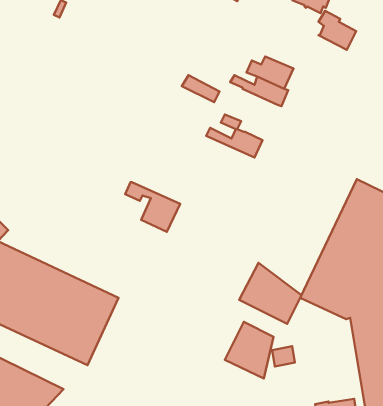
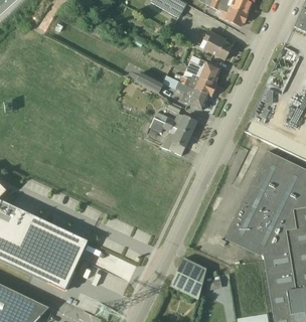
building: [319,11,356,50] -> [203,30,232,59]
building: none -> [172,78,208,110]
building: [125,182,180,232] -> [150,118,191,155]
building: [239,263,301,324] -> none

